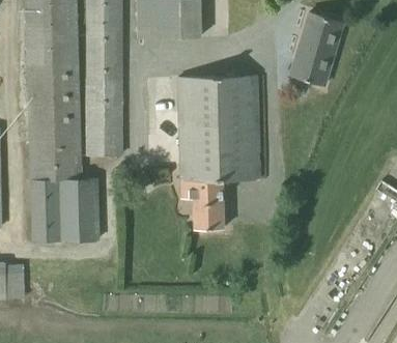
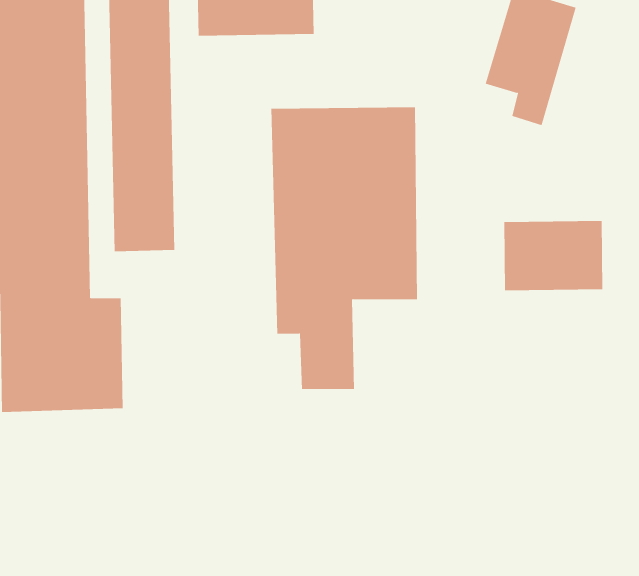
building: none -> [504,220,603,291]

